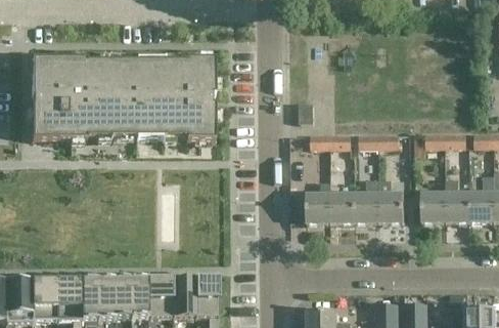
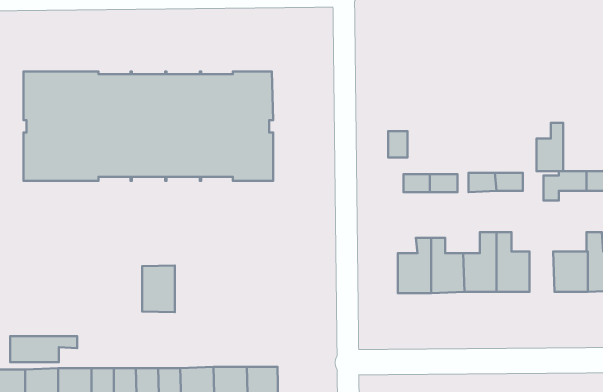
building: none -> [536,123,563,171]
building: none -> [142,266,175,312]
building: none -> [10,336,77,362]

